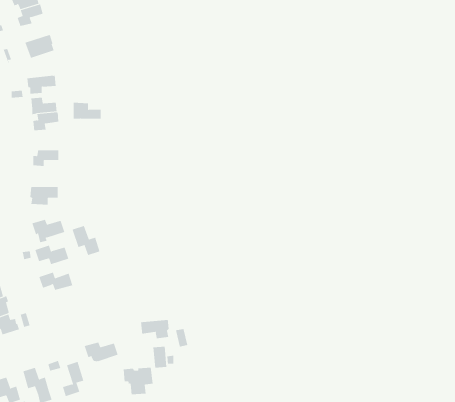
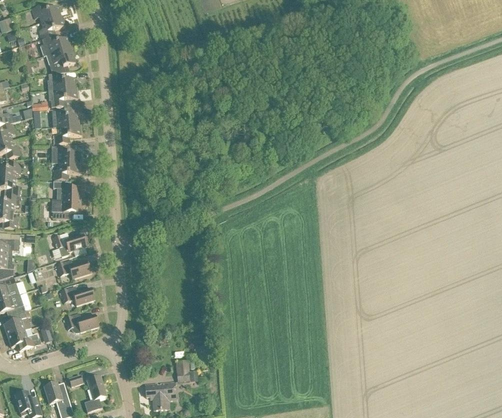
building: none -> [40,35,71,55]
building: none -> [47,72,75,90]
building: [73,102,102,119] -> [51,145,80,162]
building: none -> [53,180,81,199]
building: [72,225,100,256] -> none
building: [141,319,169,339] -> none
building: [84,342,119,362] -> [64,312,99,332]

